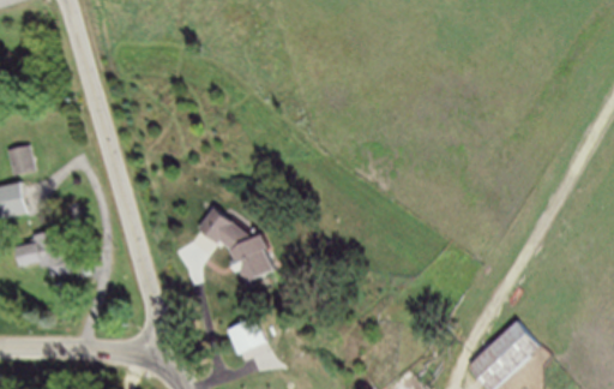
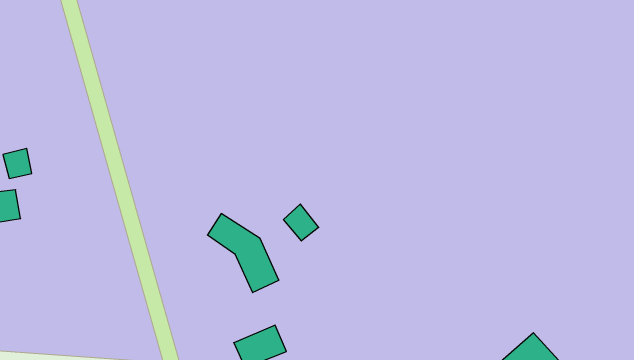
building: none -> [284,204,319,241]
building: [12,229,71,277] -> none

